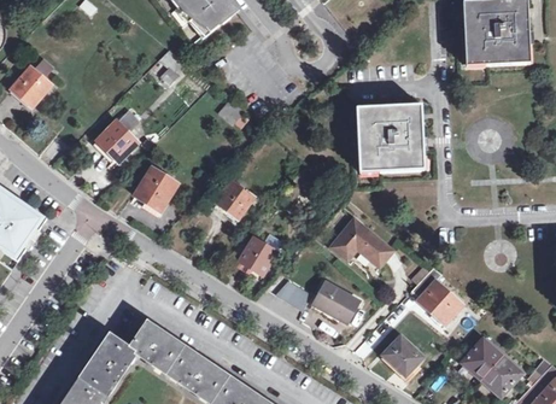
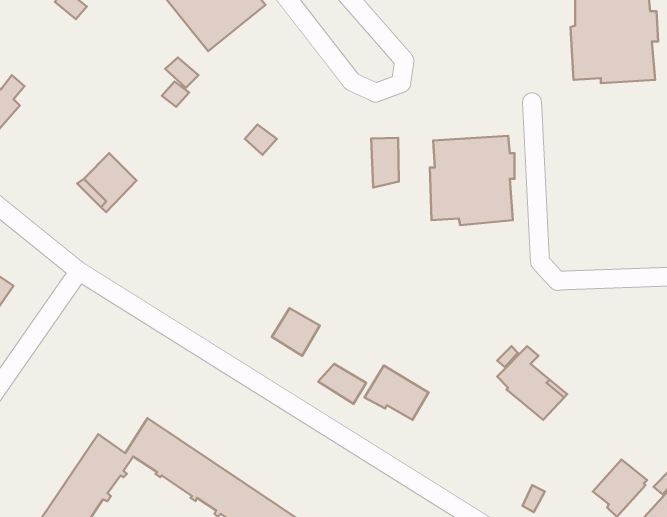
building: none -> [371,138,399,187]
building: [135,166,177,211] -> none
building: [216,181,253,217] -> none
building: [330,218,393,265] -> none
building: [384,332,423,374] -> none
building: [462,336,504,376] -> none

